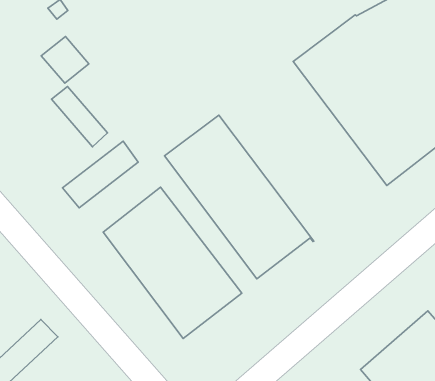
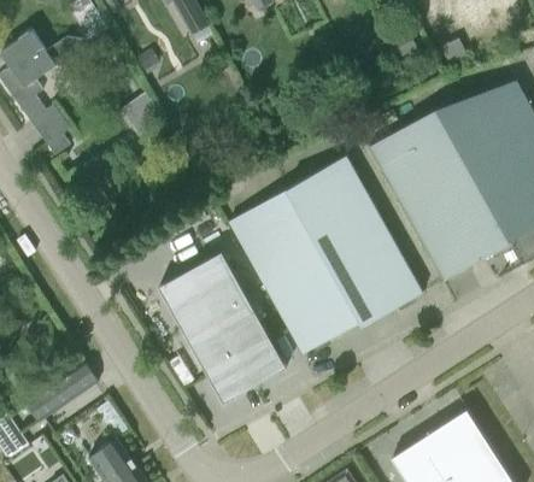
building: none -> [288,157,423,327]
building: [52,86,108,147] -> none
building: [63,141,138,208] -> none

